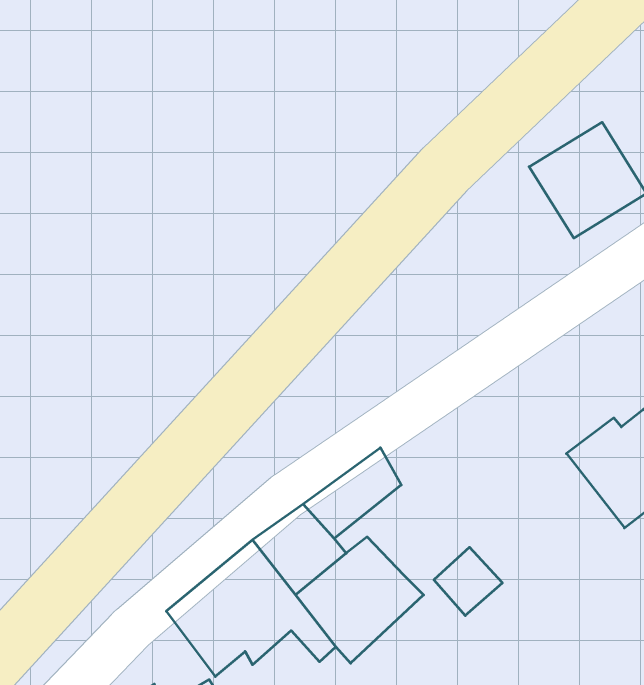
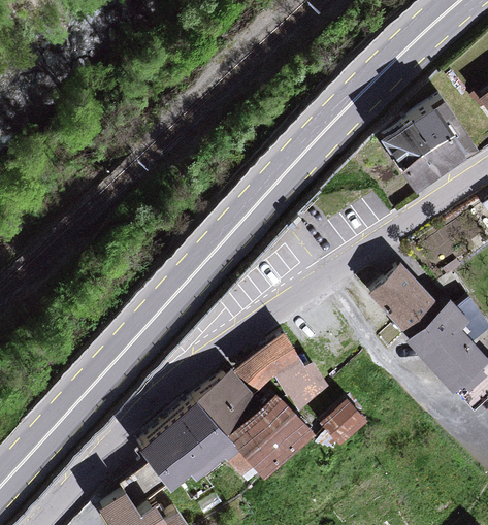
building: none -> [371,267,437,333]
building: none -> [253,358,331,421]

